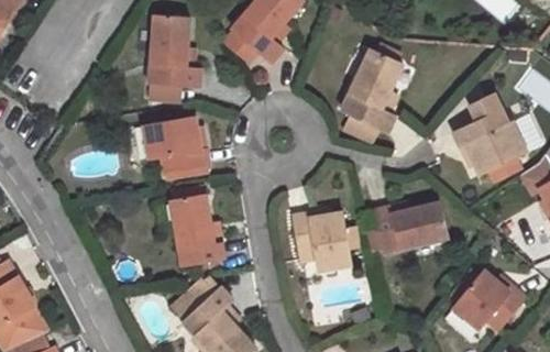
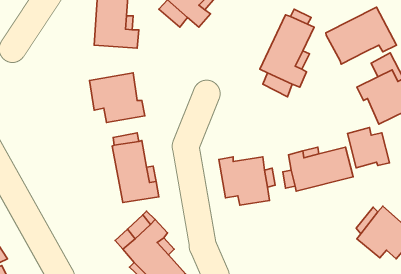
building: none -> [326,7,397,64]
building: none -> [348,128,389,168]

